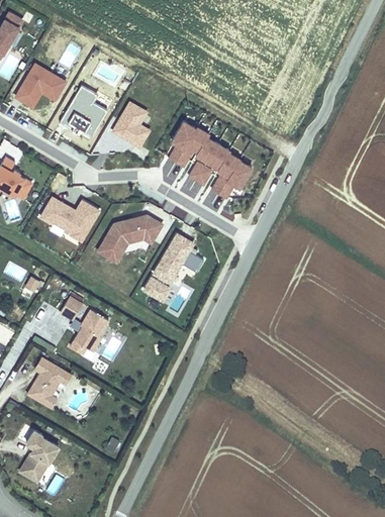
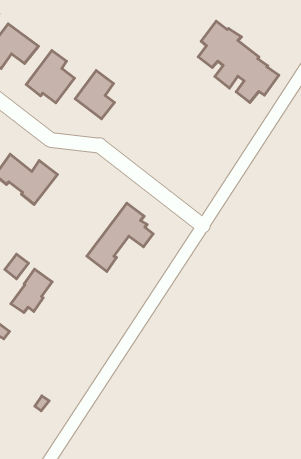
building: [169,120,253,199] -> [198,21,279,102]
building: [96,214,165,264] -> none

